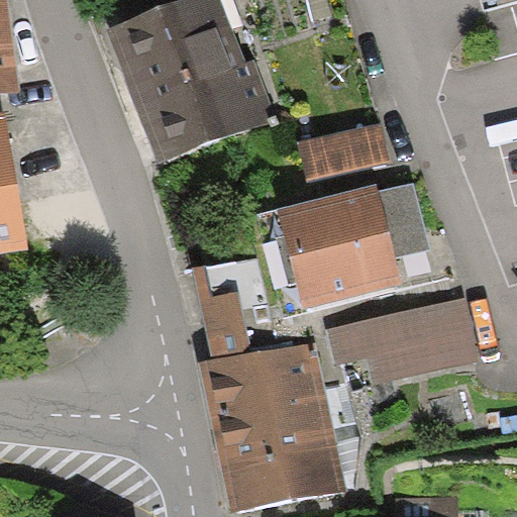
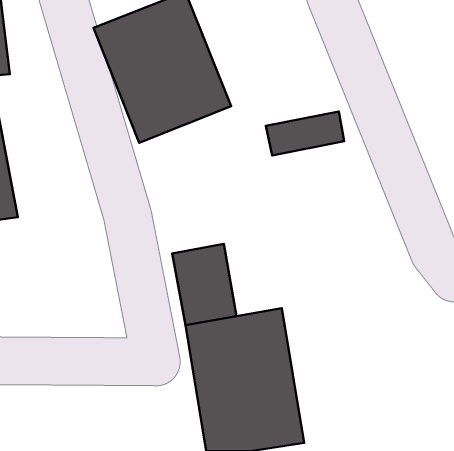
building: [278,186,427,309] -> none
building: [328,289,481,383] -> none

